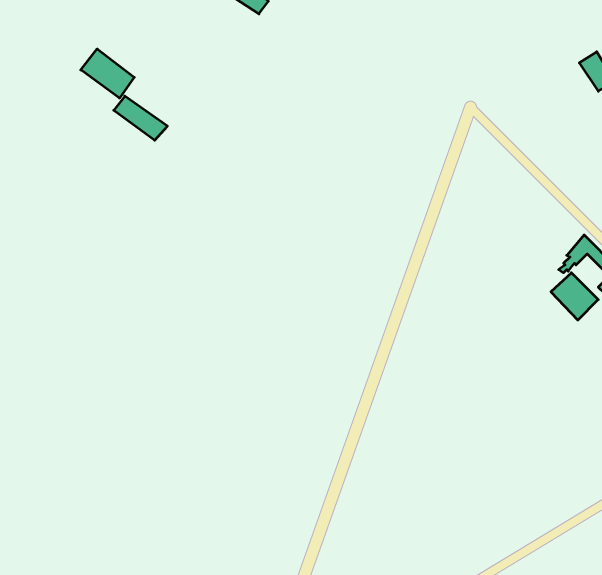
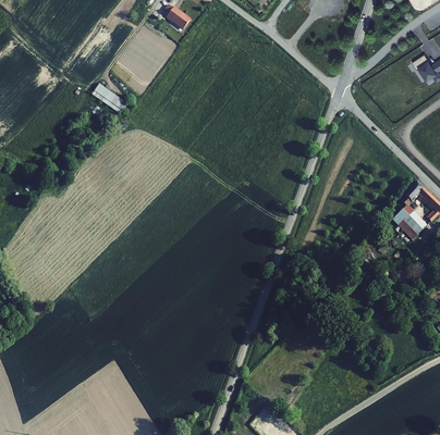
building: [81,49,134,98] -> none

